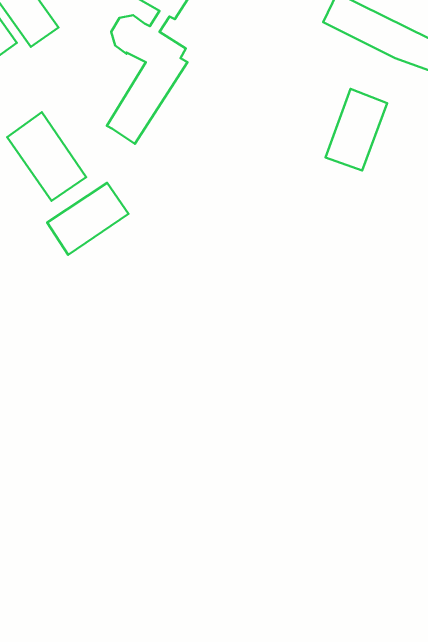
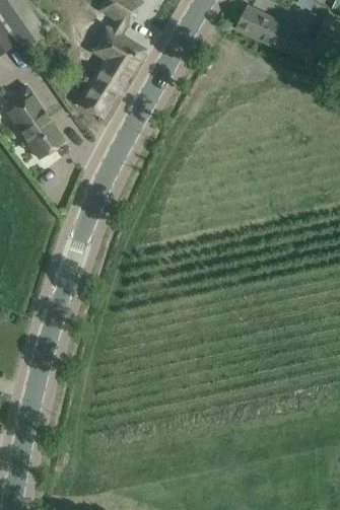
building: [326,89,387,171] -> none
building: [47,183,129,255] -> none

